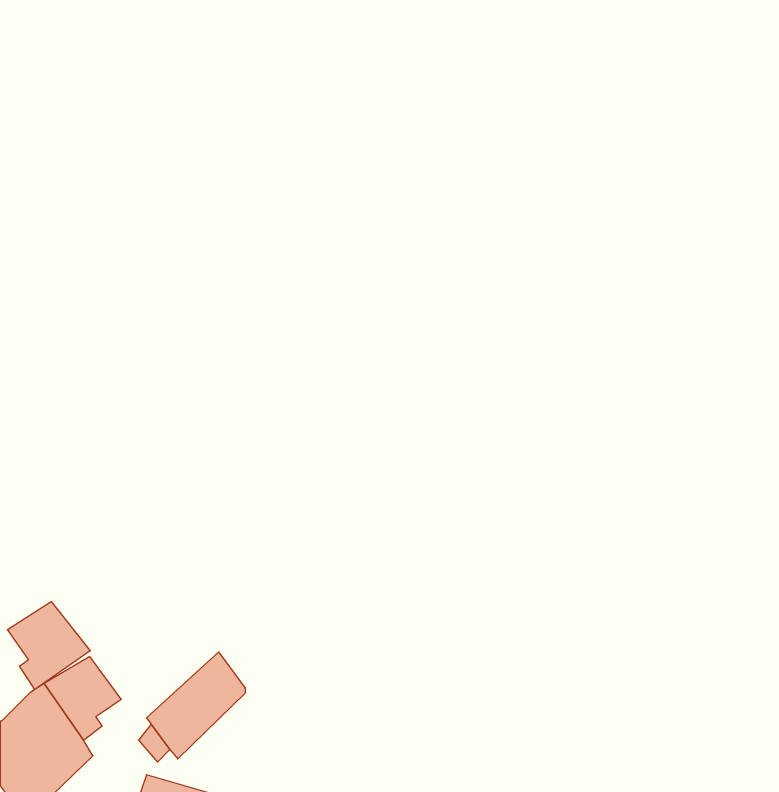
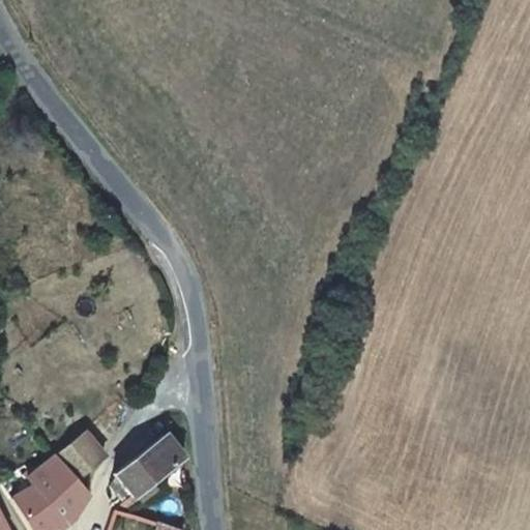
building: [7,602,90,690] -> none

